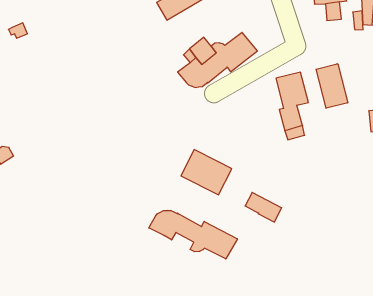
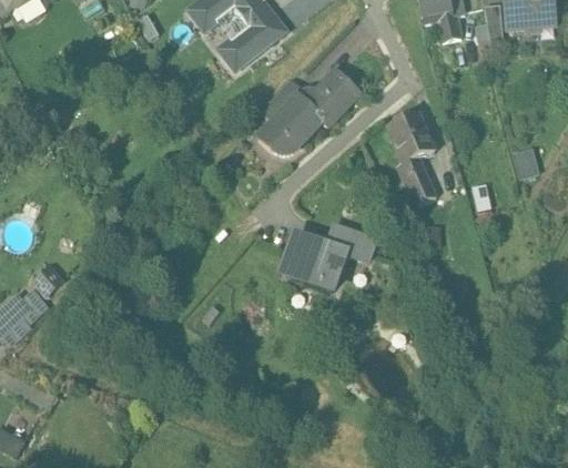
building: [316,64,348,108] -> none
building: [245,192,282,222] -> [327,226,375,261]
building: [149,210,237,259] -> none

